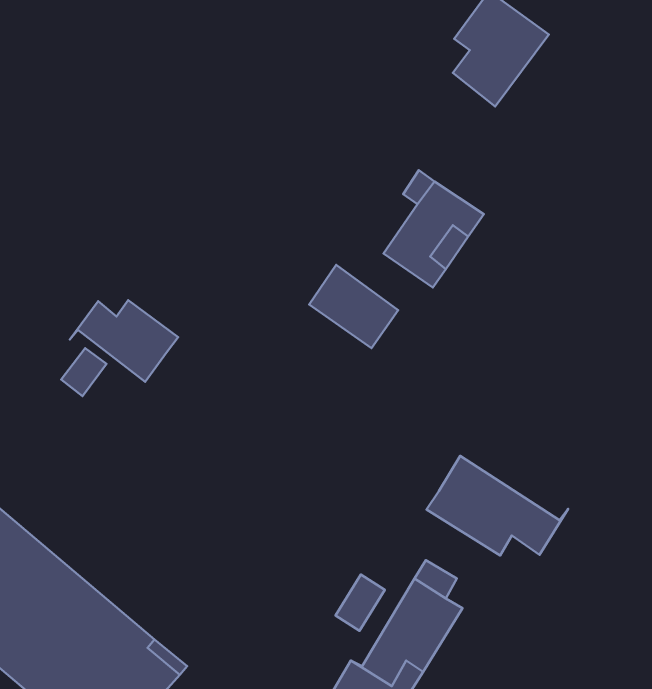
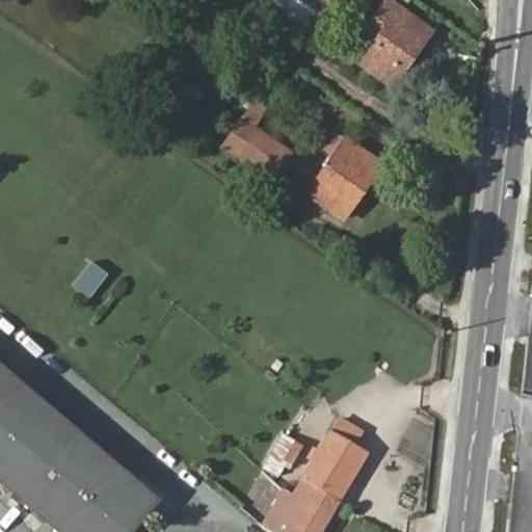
building: [309,265,398,348] -> [225,119,291,181]
building: [70,300,178,382] -> none
building: [427,456,568,555] -> none

